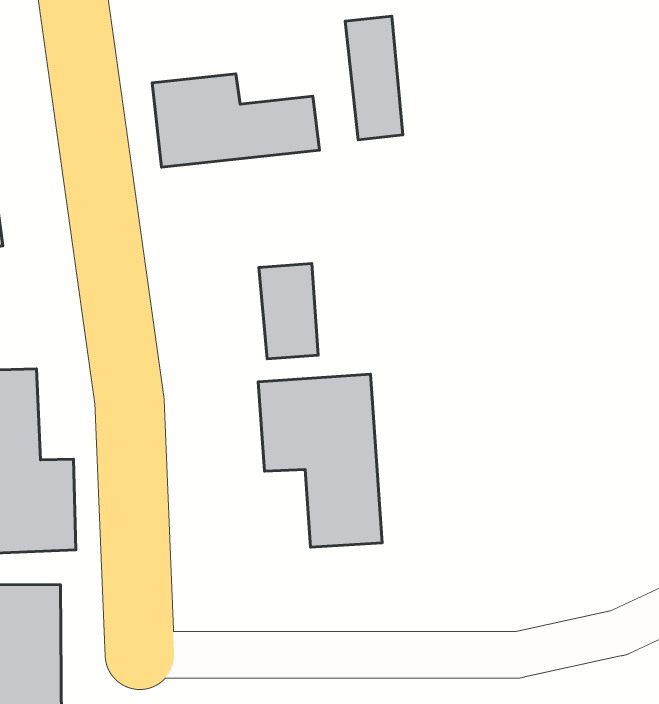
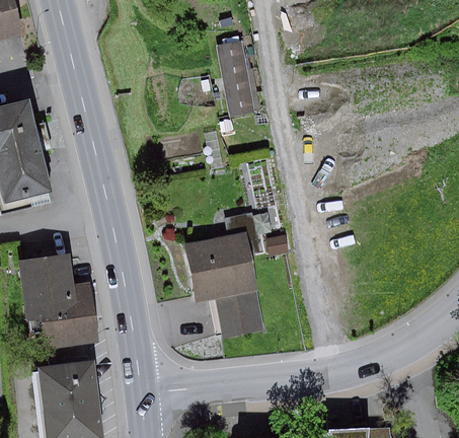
building: [152,74,319,167] -> none
building: [259,264,318,359] -> none

